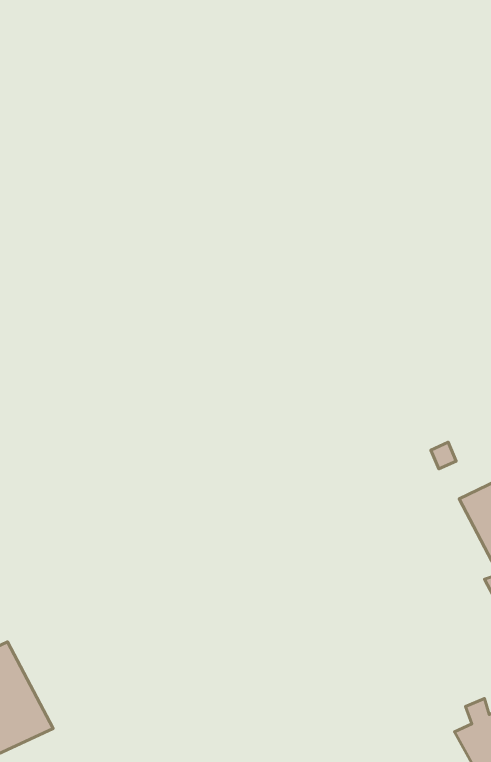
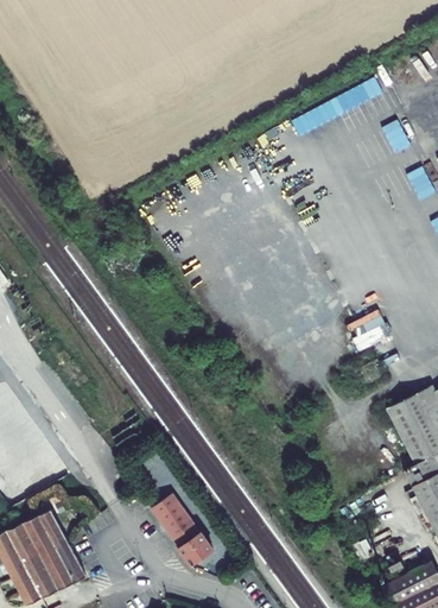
building: none -> [152,495,216,568]

